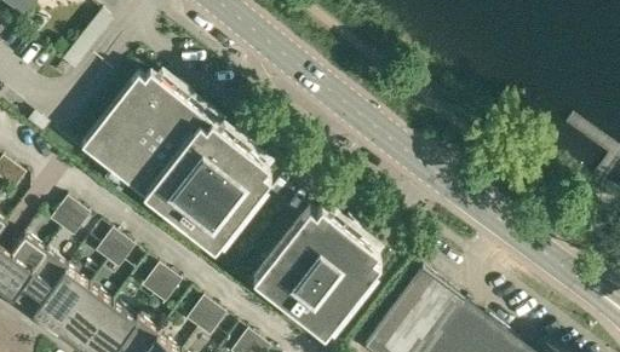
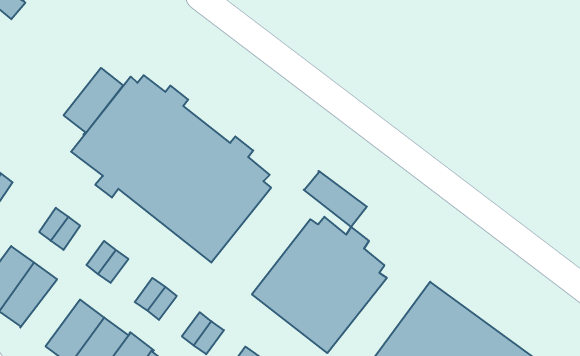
building: none -> [64,68,123,136]
building: none -> [304,171,367,227]
building: [31,267,88,331] -> none

